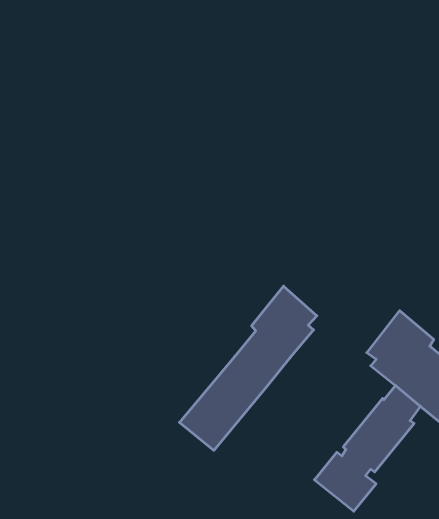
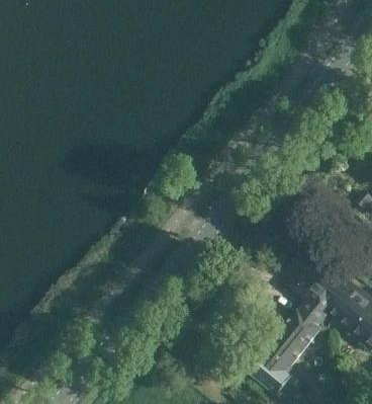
building: [179,286,317,450] -> none

